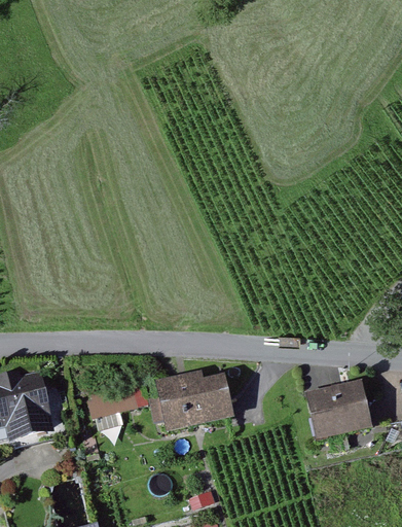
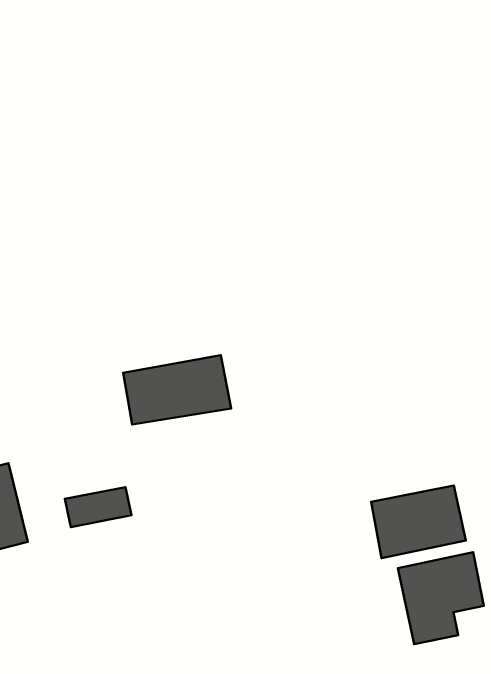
building: [150,378,225,426] -> [123,355,231,425]
building: none -> [398,552,484,644]

